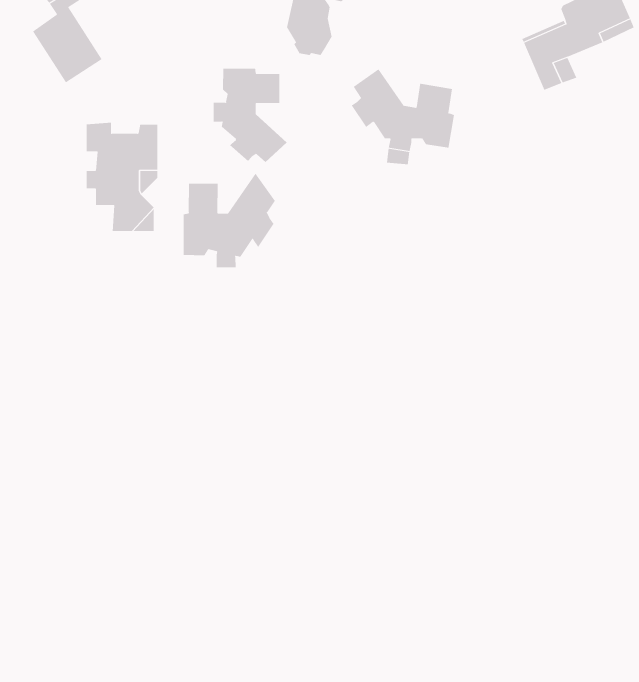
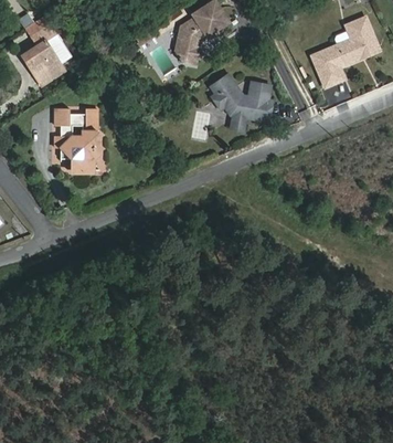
building: [213,68,287,163] -> none
building: [183,173,275,268] -> none

